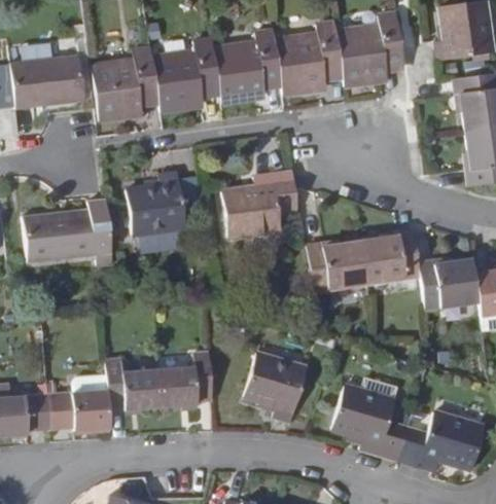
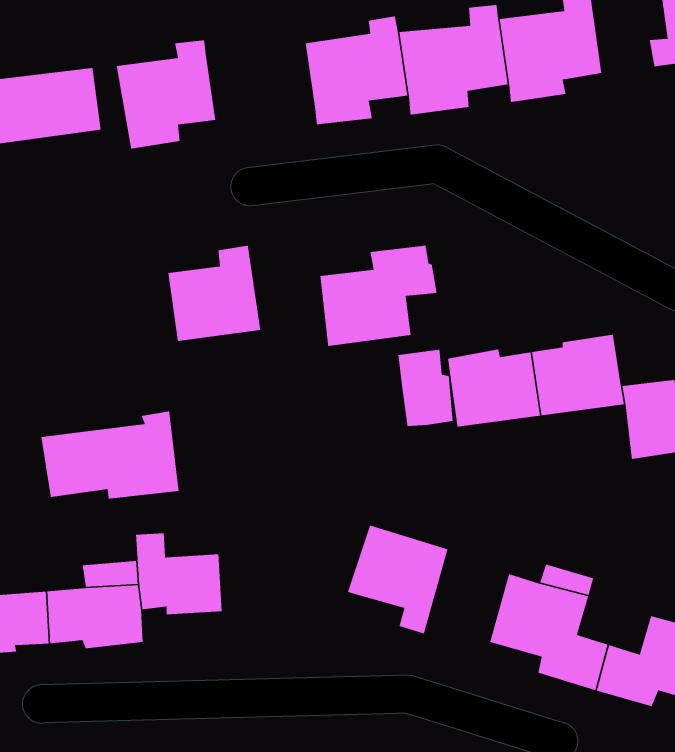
building: [152,36,221,108] -> none
building: [27,204,115,260] -> [40,411,179,500]
building: none -> [398,349,454,427]
building: [161,353,217,408] -> none

